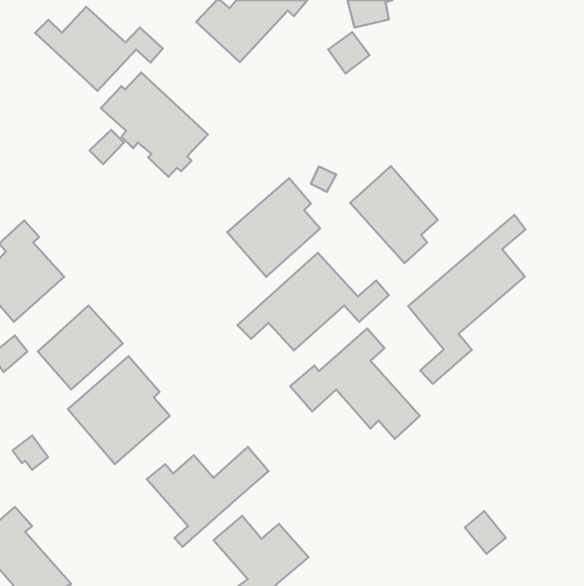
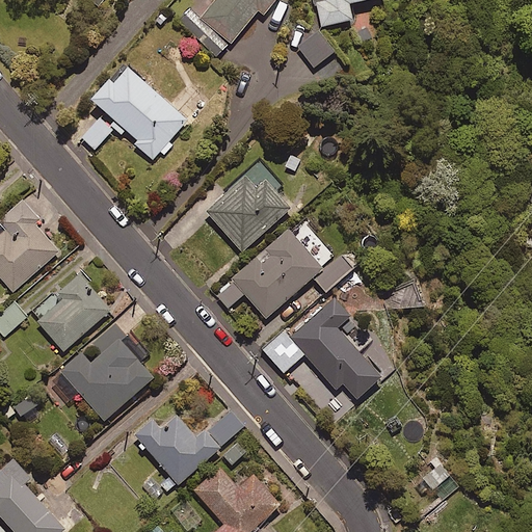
building: [35,7,163,91] -> none
building: [350,166,438,263] -> none
building: [408,215,526,384] -> none

